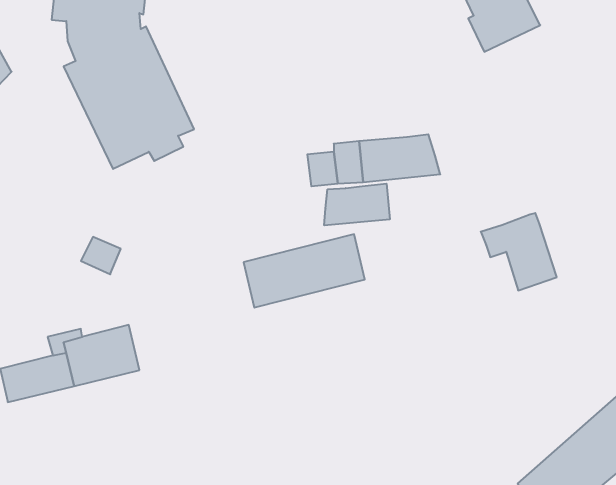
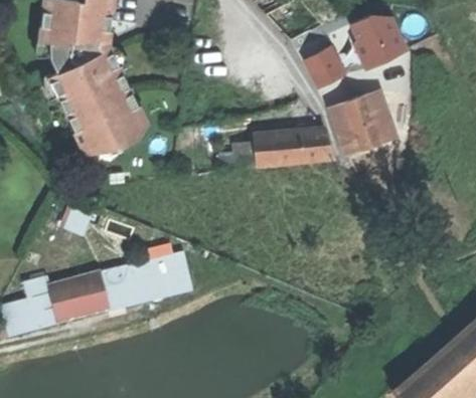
building: none -> [304,44,348,88]
building: [324,184,390,225] -> none
building: [481,213,557,290] -> [327,94,384,153]
building: [244,234,365,308] -> [98,252,189,308]

